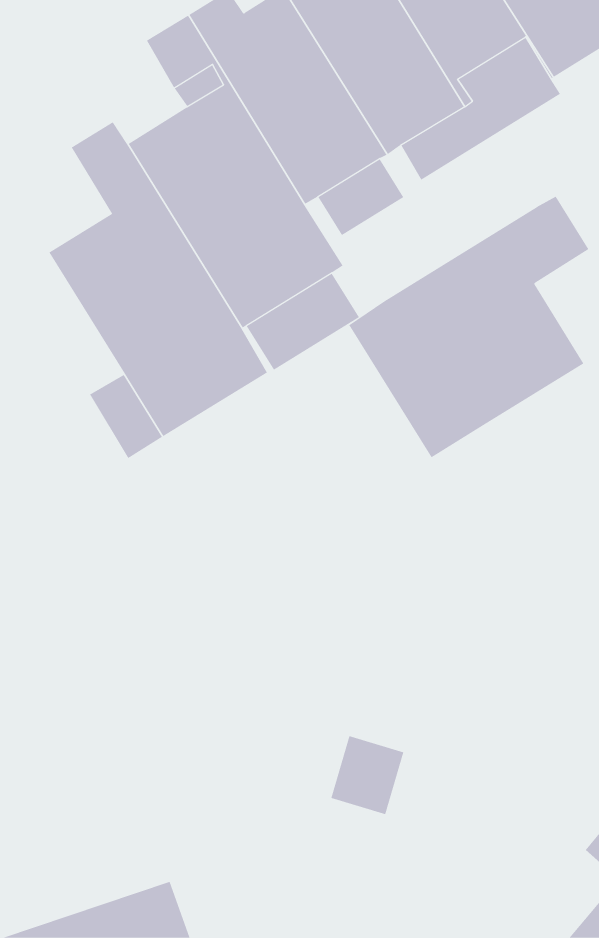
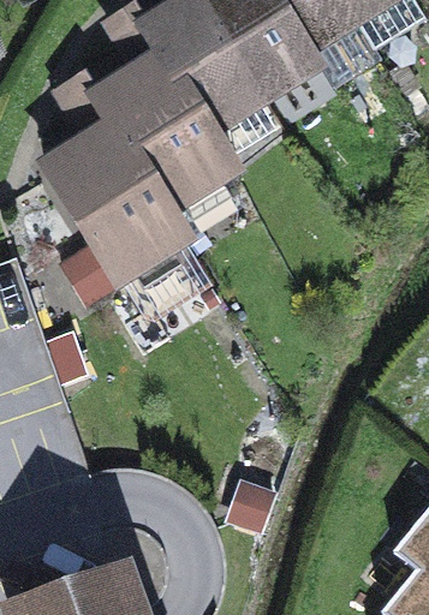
building: [349,196,589,458] -> none

